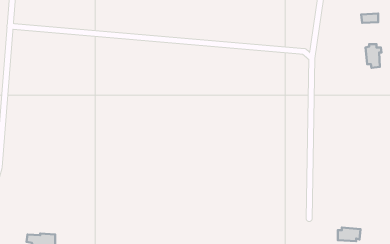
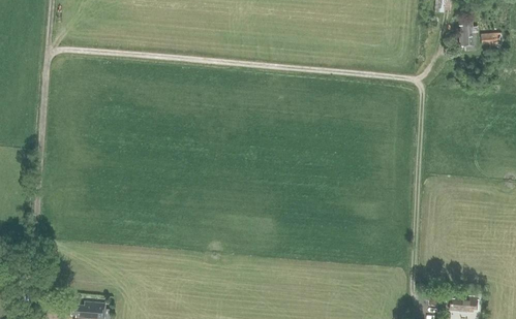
building: [366,44,382,68] -> [458,22,478,51]

